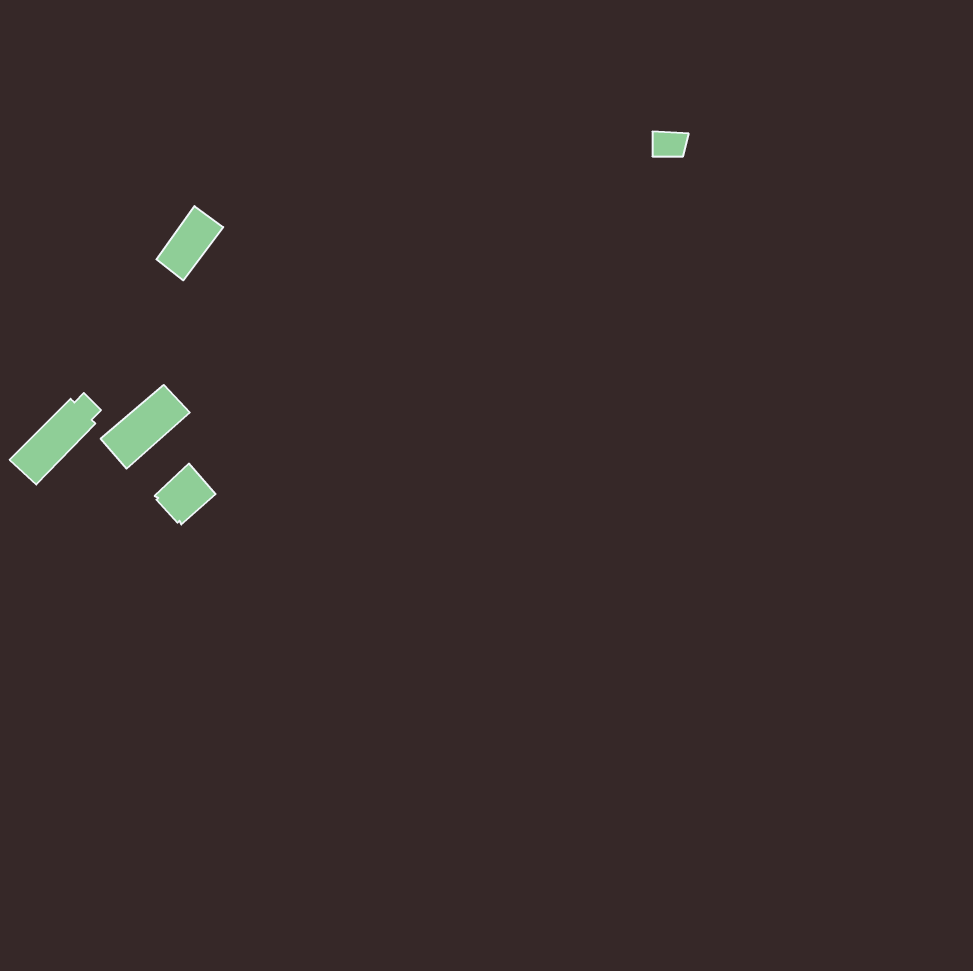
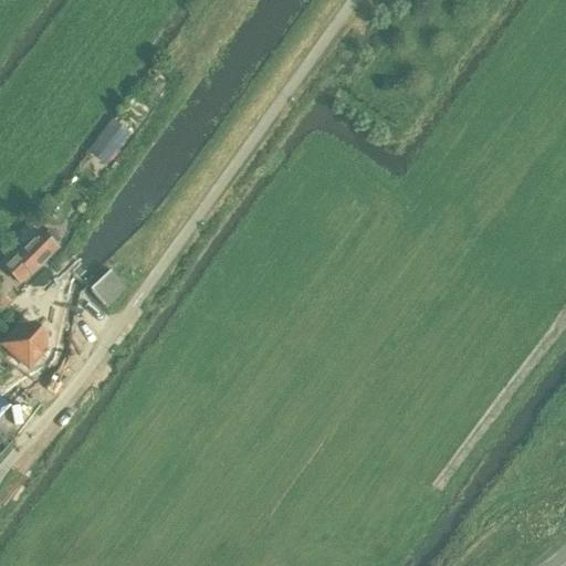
building: [101,385,190,469] -> none
building: none -> [7,323,44,360]

